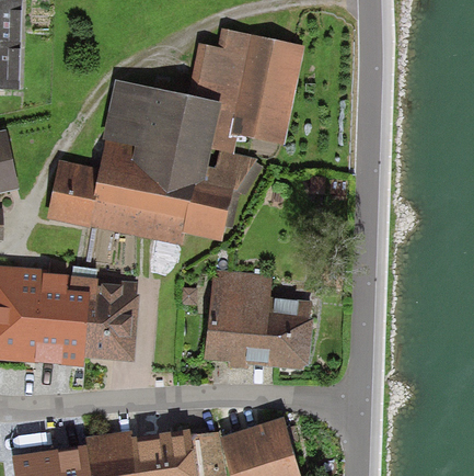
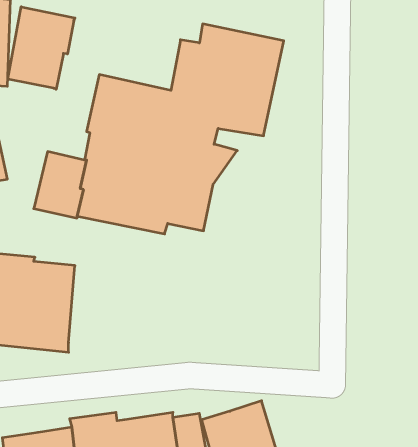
building: none -> [8,7,75,89]
building: [204,268,313,372] -> none
building: [82,279,141,363] -> none

